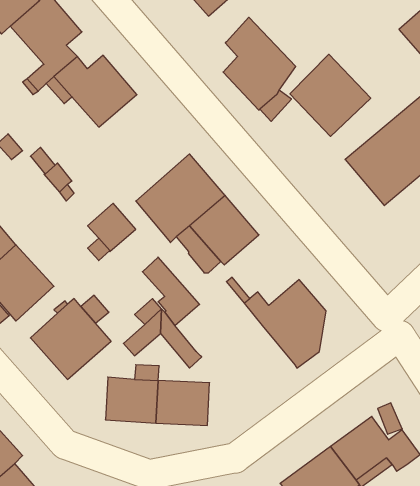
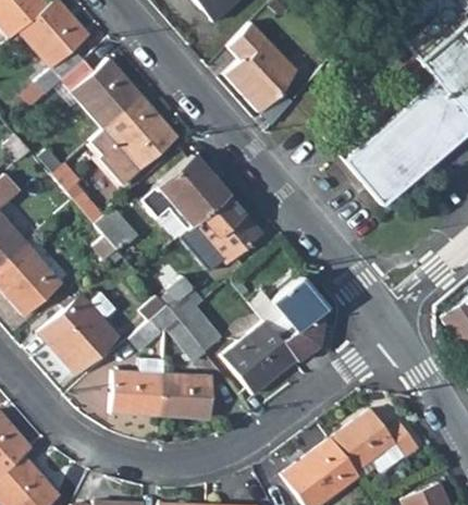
building: [290,54,371,136] -> none
building: none -> [91,97,178,186]
building: none -> [181,306,223,350]
building: none -> [223,321,297,394]

